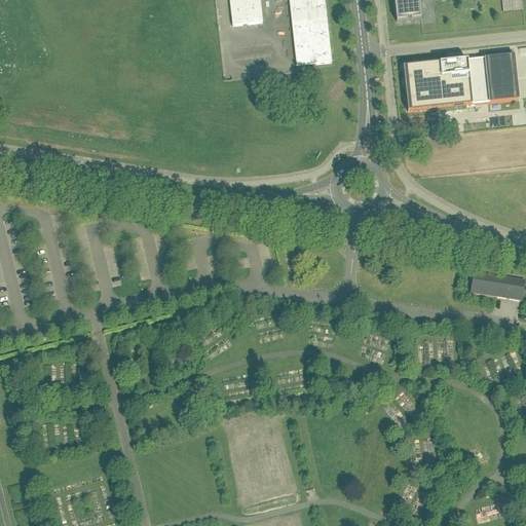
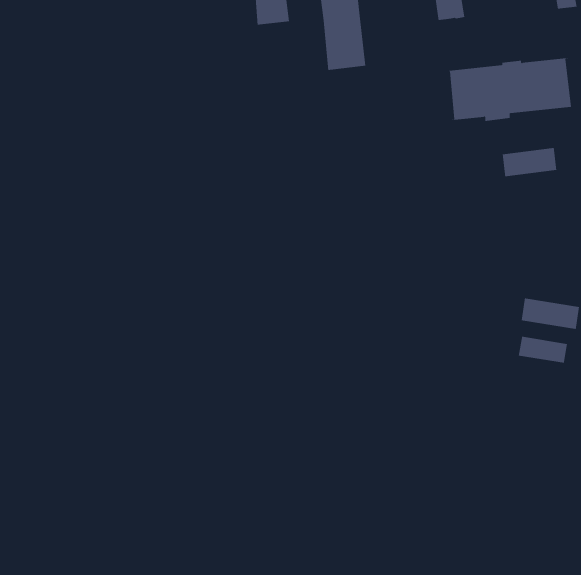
building: none -> [502,147,557,177]
building: none -> [518,336,568,363]

